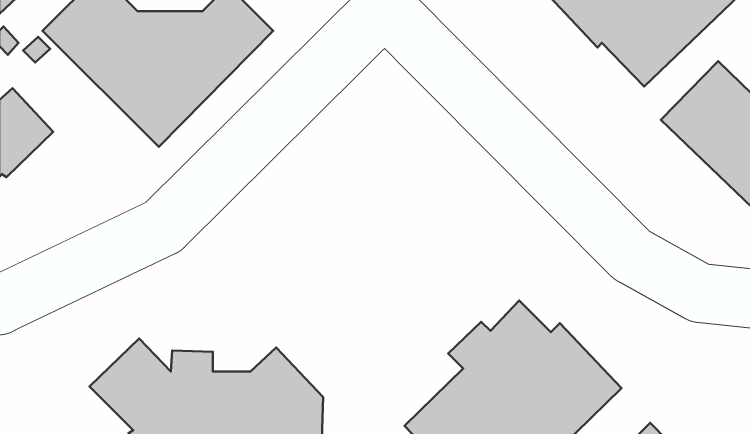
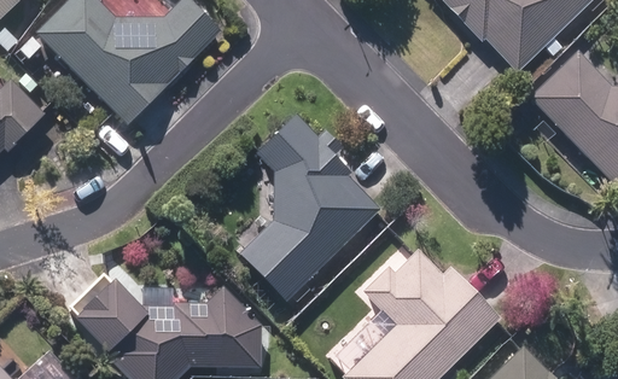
building: none -> [240,112,380,301]

